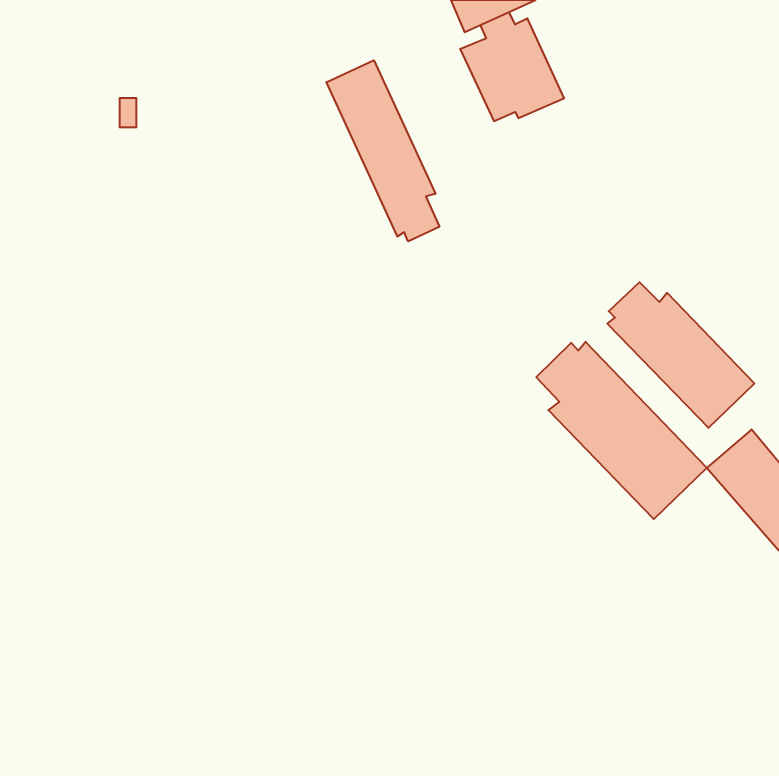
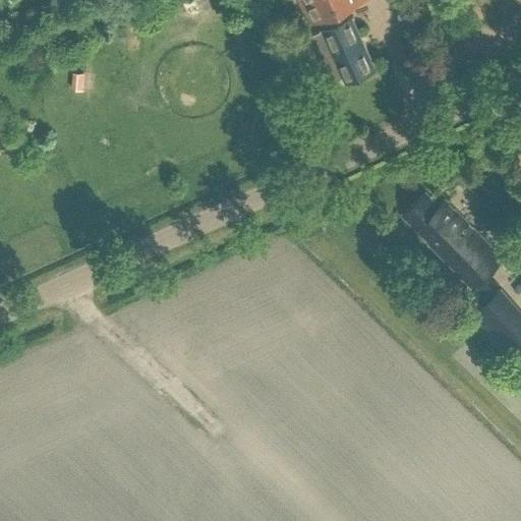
building: [326,60,439,241] -> none
building: [536,342,707,519] -> none

